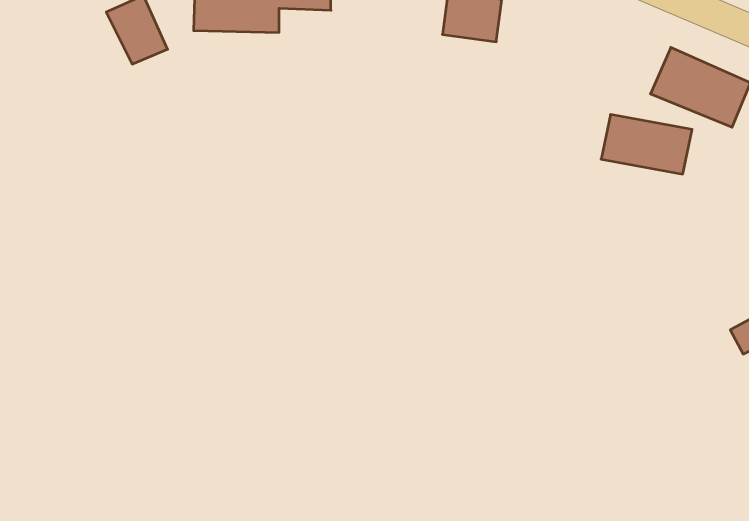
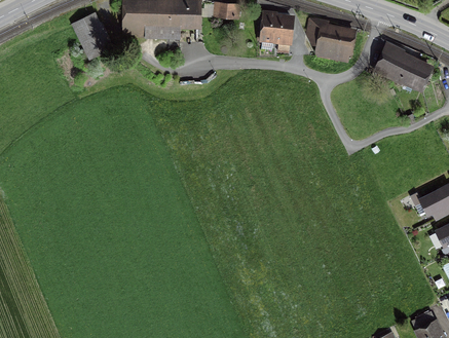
building: [601,115,692,174] -> [305,23,356,55]

